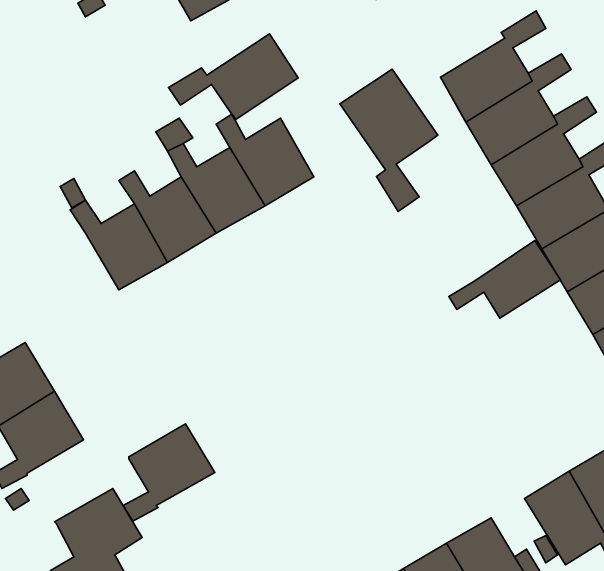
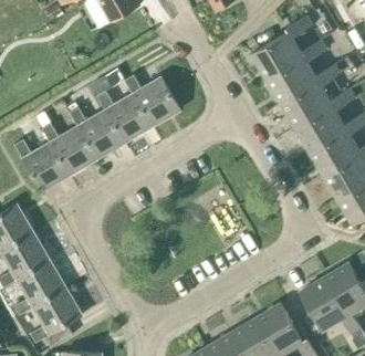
building: [168,34,298,119] -> none
building: [340,69,438,211] -> none
building: none -> [14,138,69,190]
building: [449,240,560,318] -> none
building: [123,424,215,521] -> [13,259,65,314]

